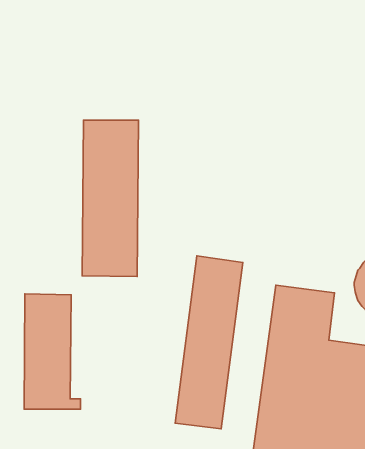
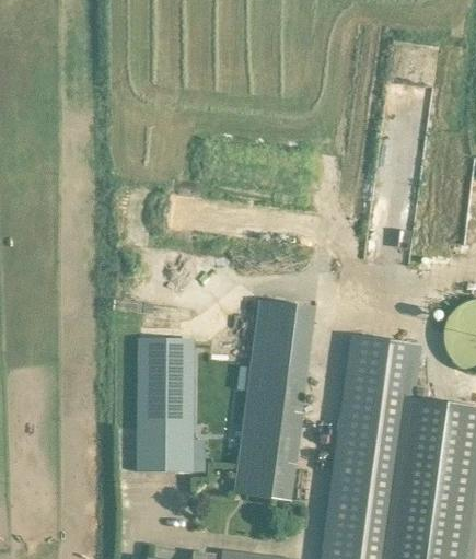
building: [82,120,138,276] -> none
building: [24,294,81,409] -> [138,340,204,474]

